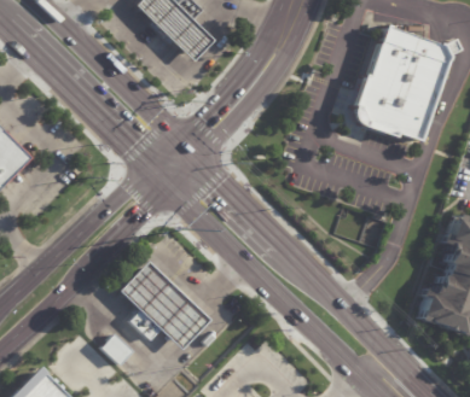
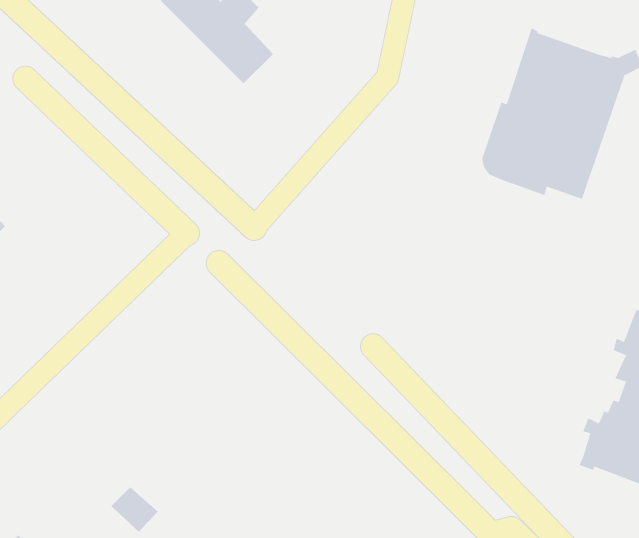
building: [117,262,208,350] -> none

